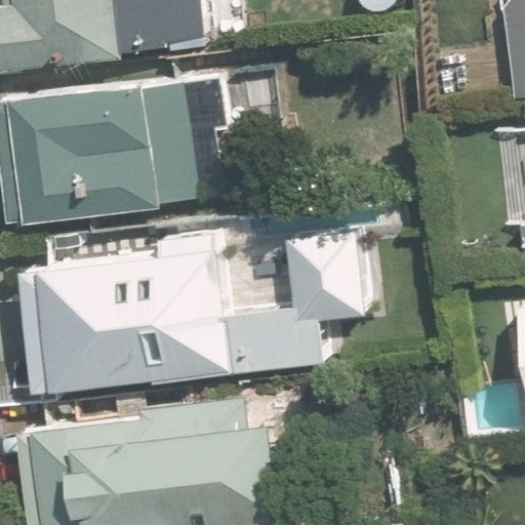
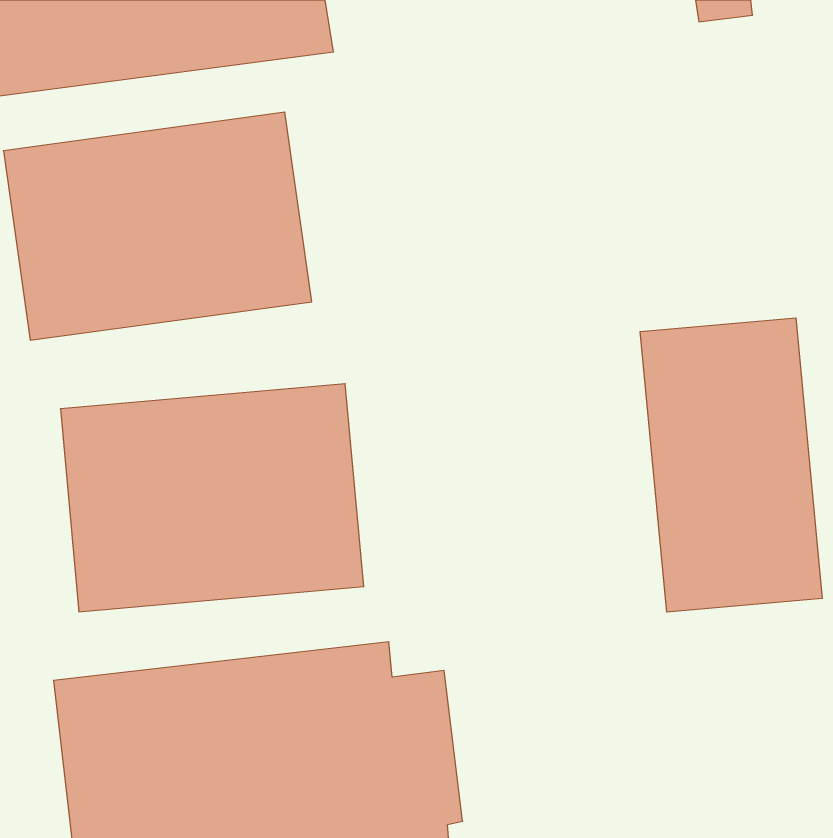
building: none -> [640,318,822,612]
building: [220,231,362,374] -> none

